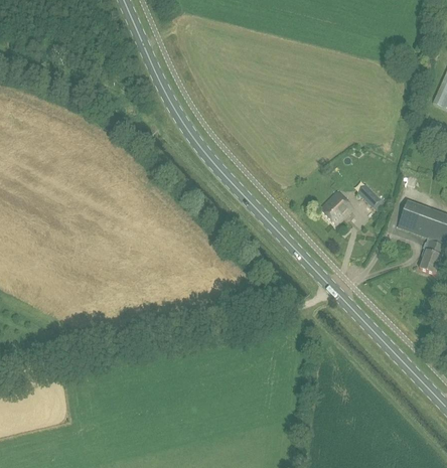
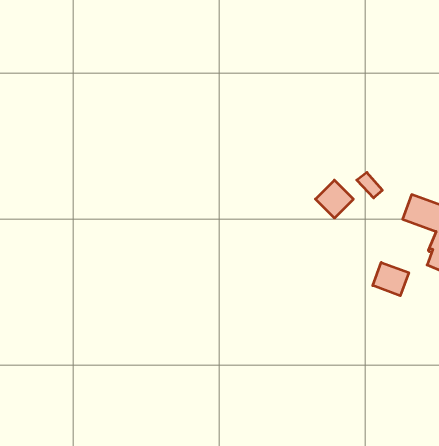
building: none -> [373,262,409,296]

